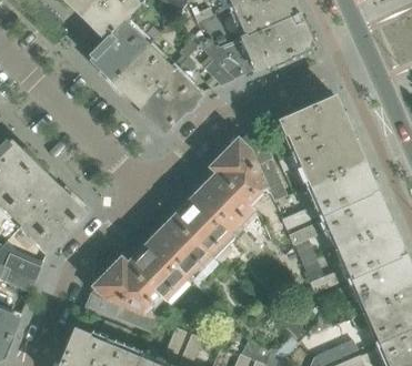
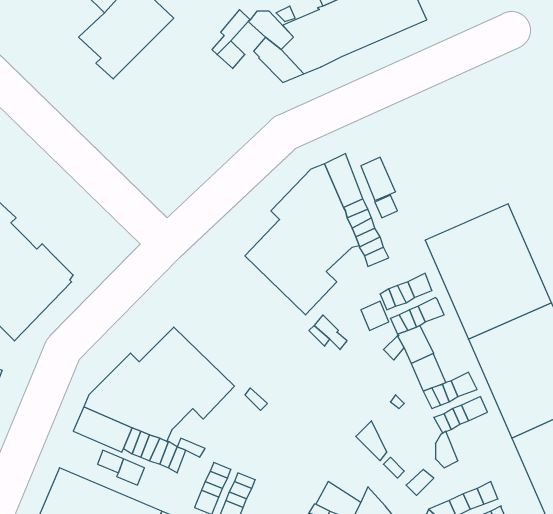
building: [111,43,200,132] -> none
building: [283,96,364,185] -> none
building: [150,195,234,278] -> none

